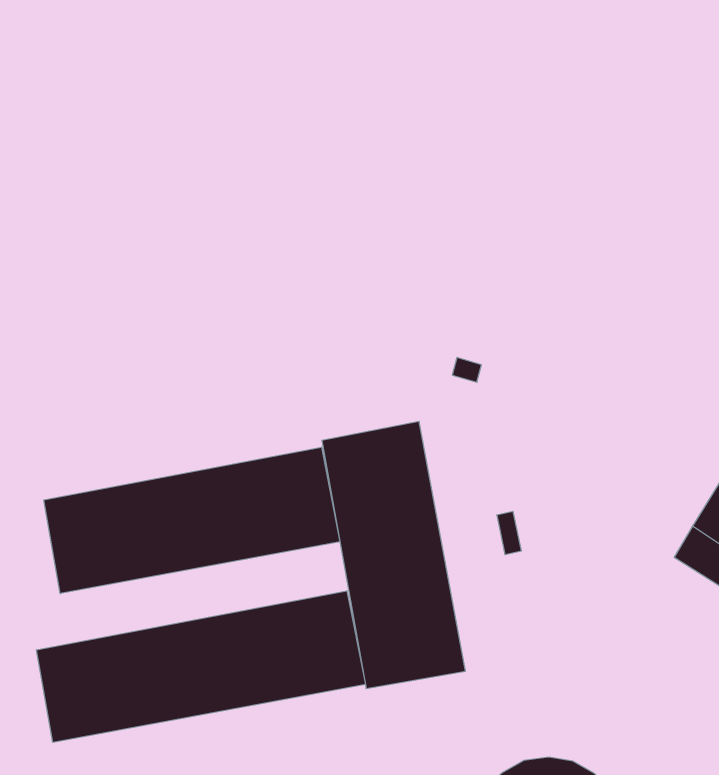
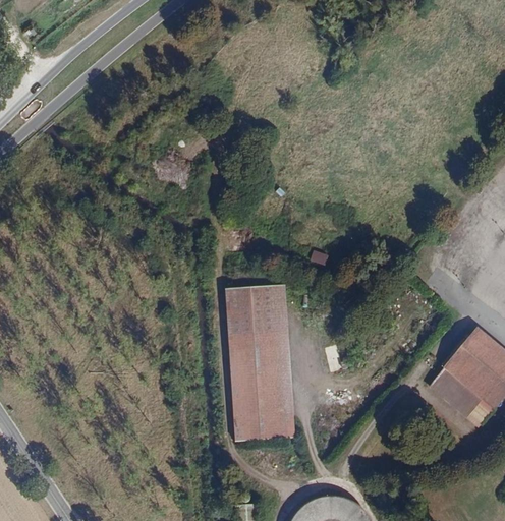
building: [44,447,340,594] -> none
building: [37,591,365,742] -> none

